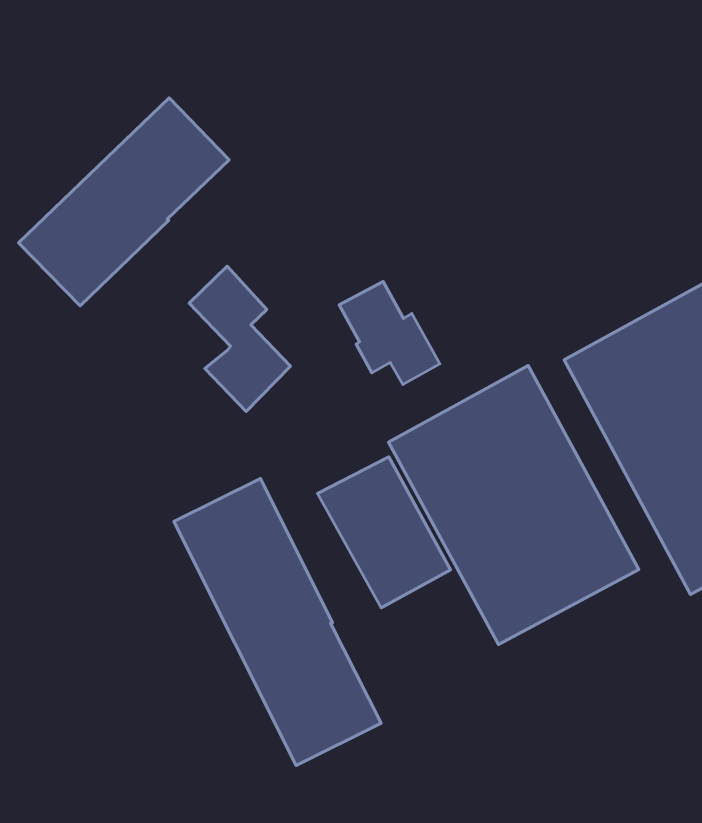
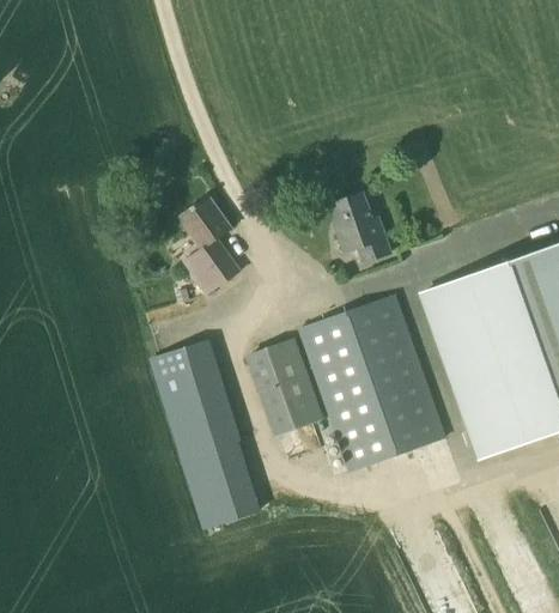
building: [19,98,229,306] -> none
building: [339,281,440,384] -> [330,194,390,263]

